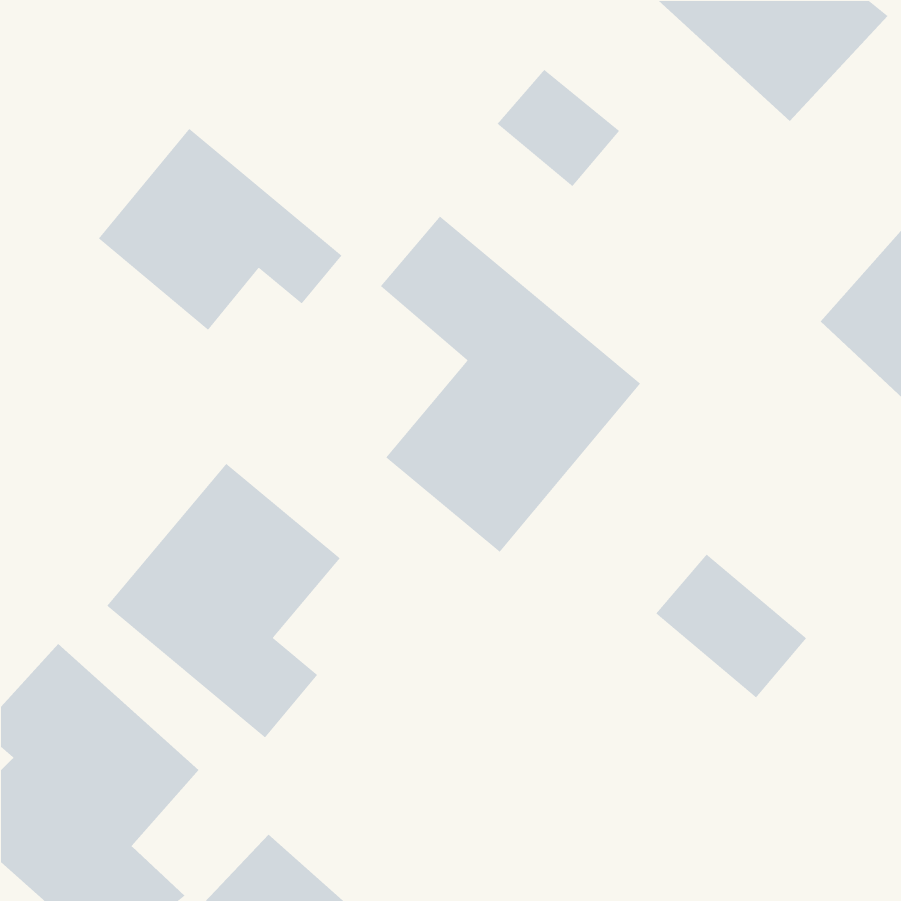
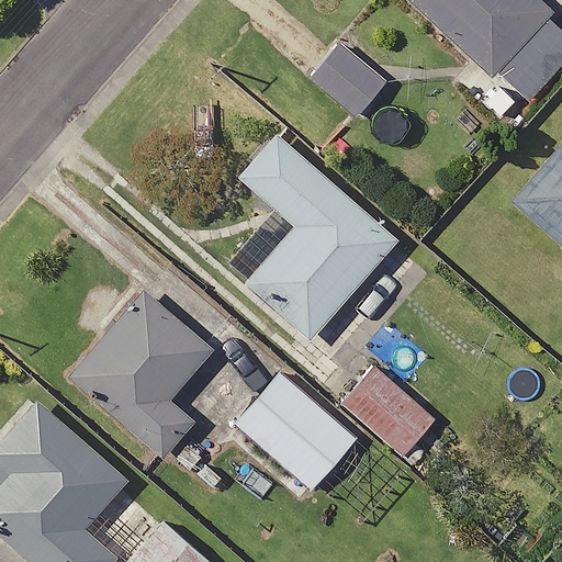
building: [98,128,342,331] -> none
building: [655,554,807,698] -> [341,366,436,456]
building: none -> [235,374,355,490]

